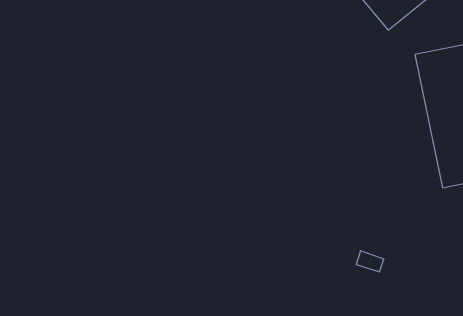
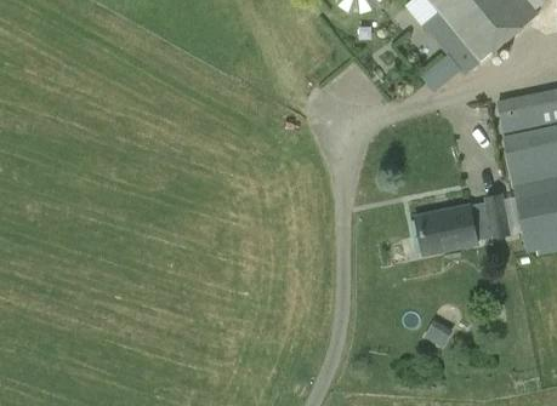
building: none -> [415,190,512,253]

